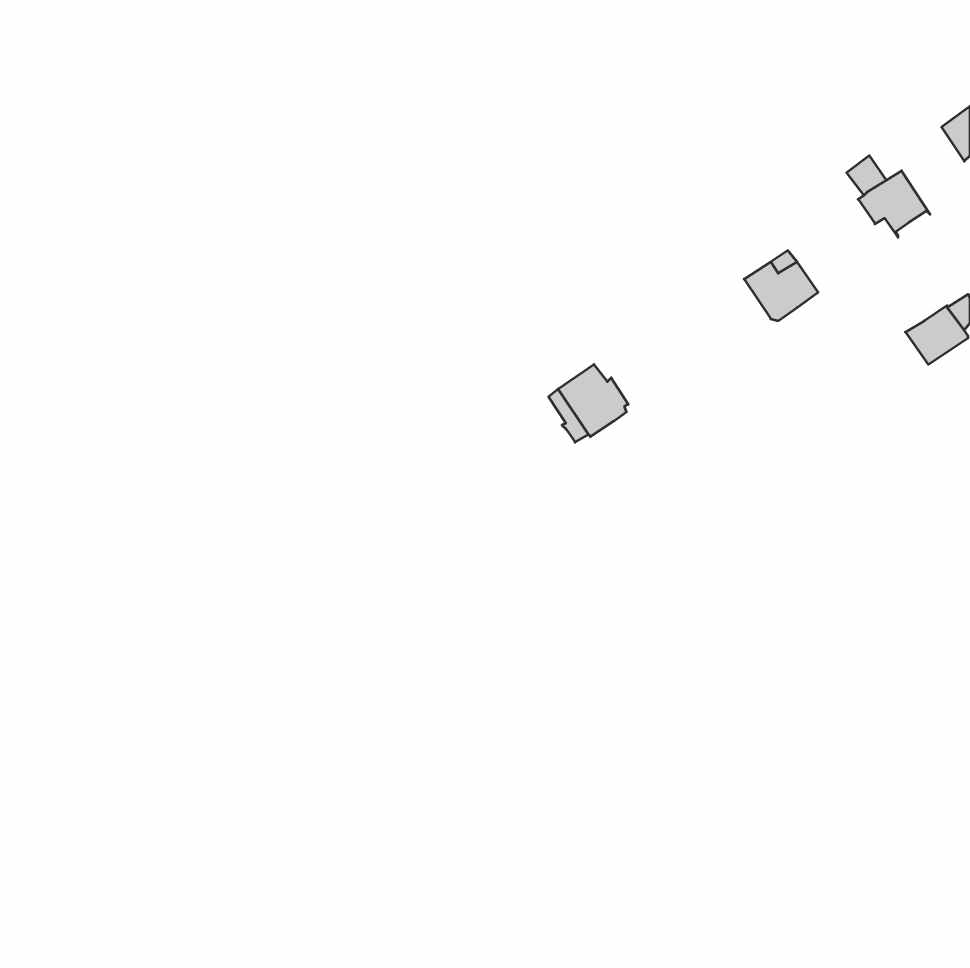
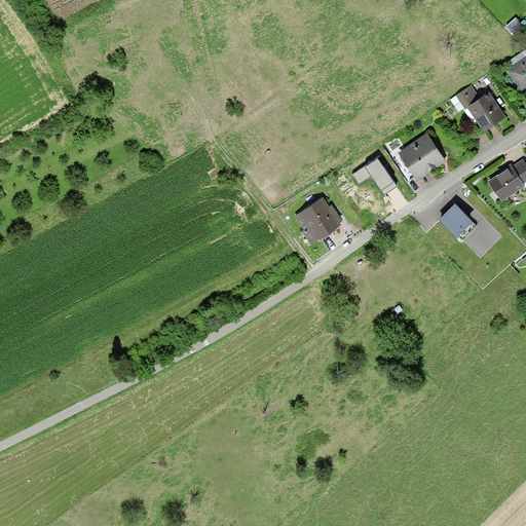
building: none -> [352,156,399,194]
building: none -> [438,204,475,242]

